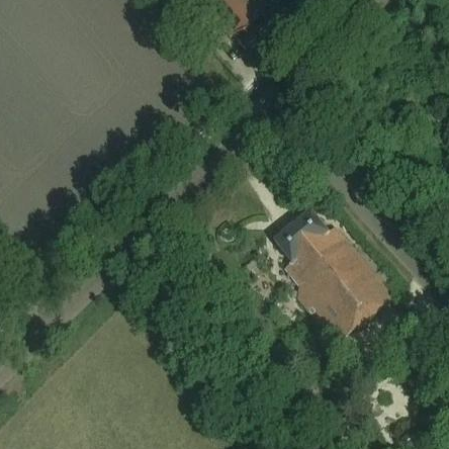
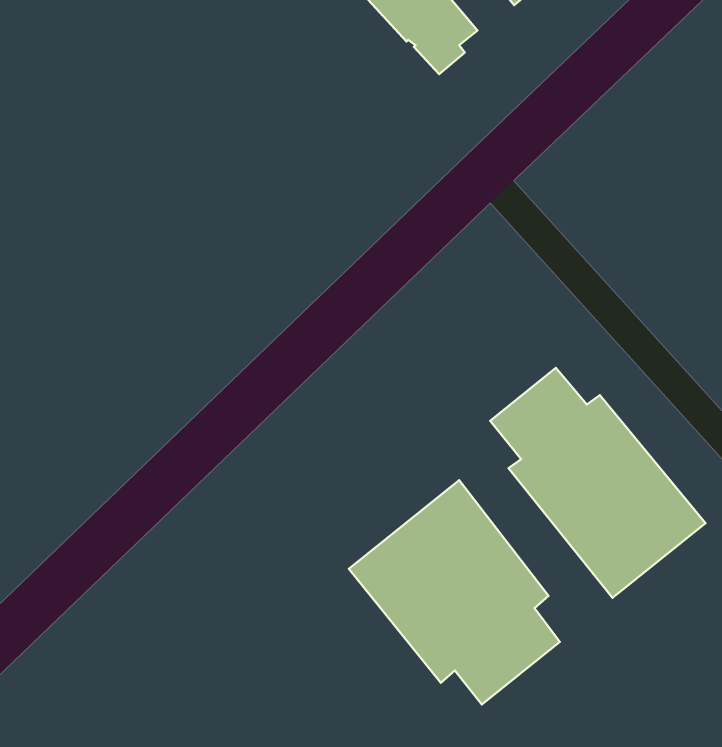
building: none -> [349,480,560,705]

